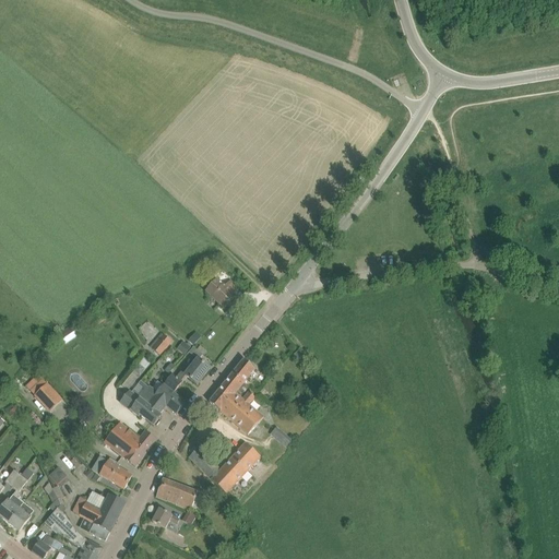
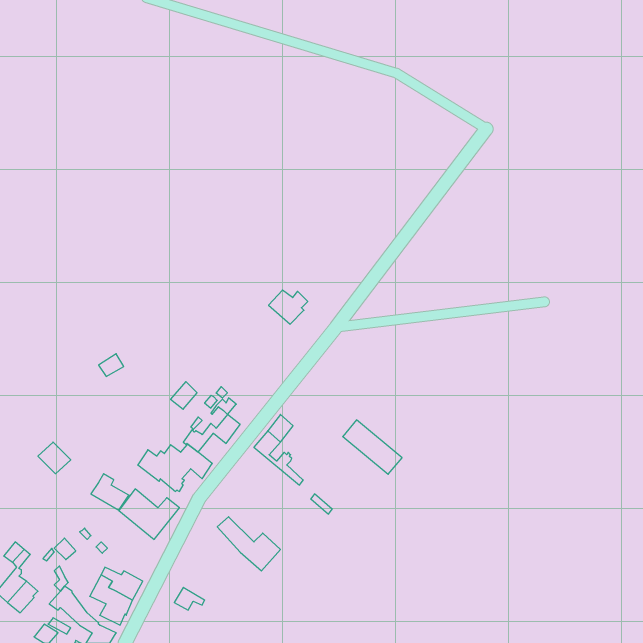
building: [203,277,237,307] -> [269,290,308,324]
building: [207,386,259,433] -> [343,420,402,474]
building: [227,442,260,475] -> none
building: [98,456,131,488] -> [91,474,129,510]
building: [154,478,195,507] -> none

